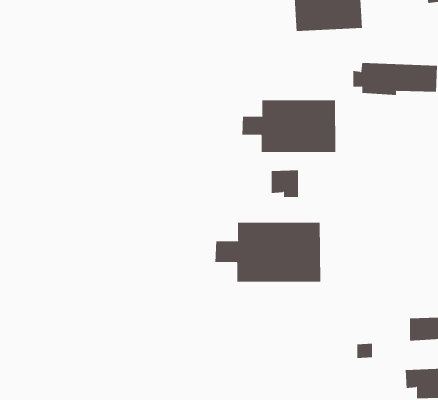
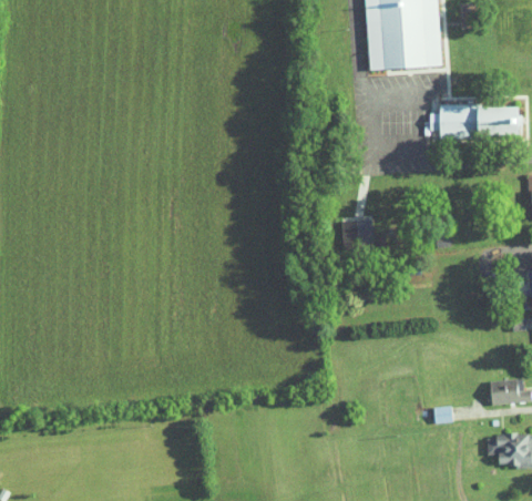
building: [242,100,336,153] -> none
building: [215,222,321,282] -> none

